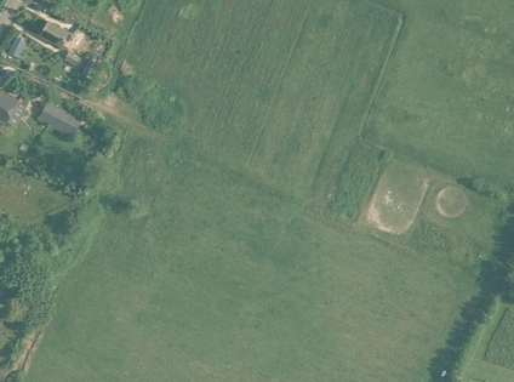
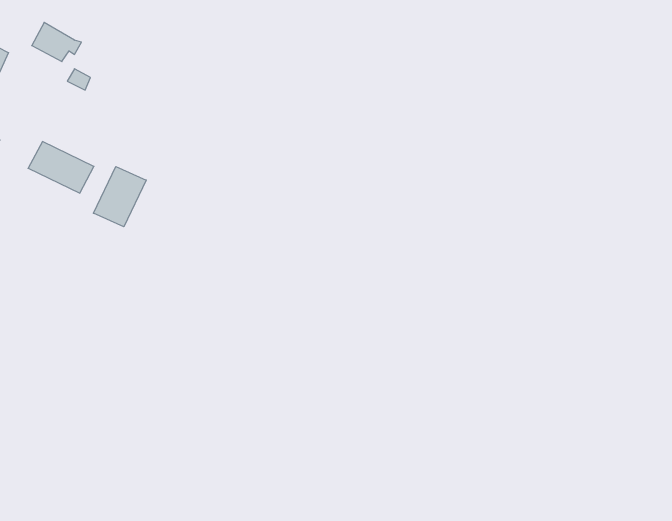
building: none -> [93,167,146,227]

